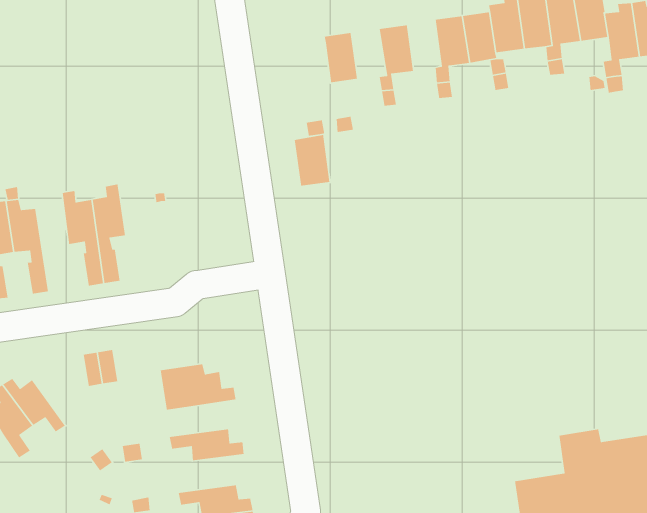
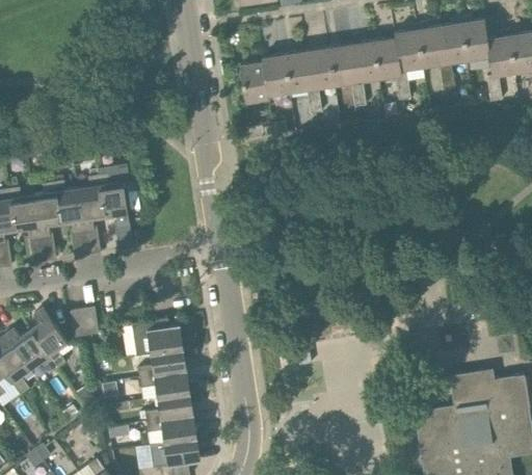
building: none -> [329,44,356,85]
building: none -> [285,51,313,91]
building: [294,134,330,186] -> [240,62,269,104]
building: none -> [99,174,133,249]
building: none -> [33,182,59,261]
building: none -> [30,308,68,368]
building: none -> [138,347,194,376]
building: none -> [145,391,202,421]

